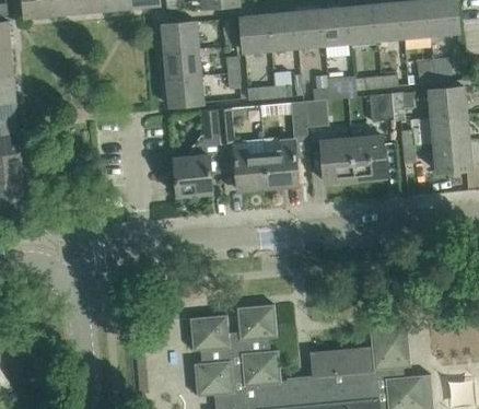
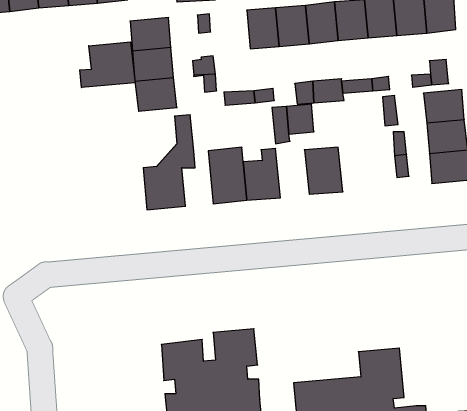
building: [240,14,270,52] -> none
building: none -> [80,42,135,88]
building: [369,93,393,121] -> none
building: [215,107,245,142] -> none
building: [350,136,385,179] -> none

